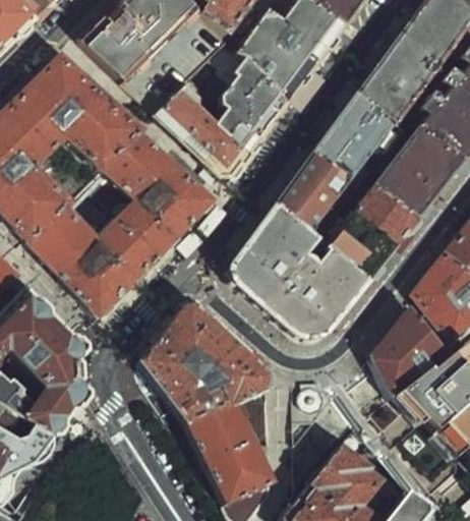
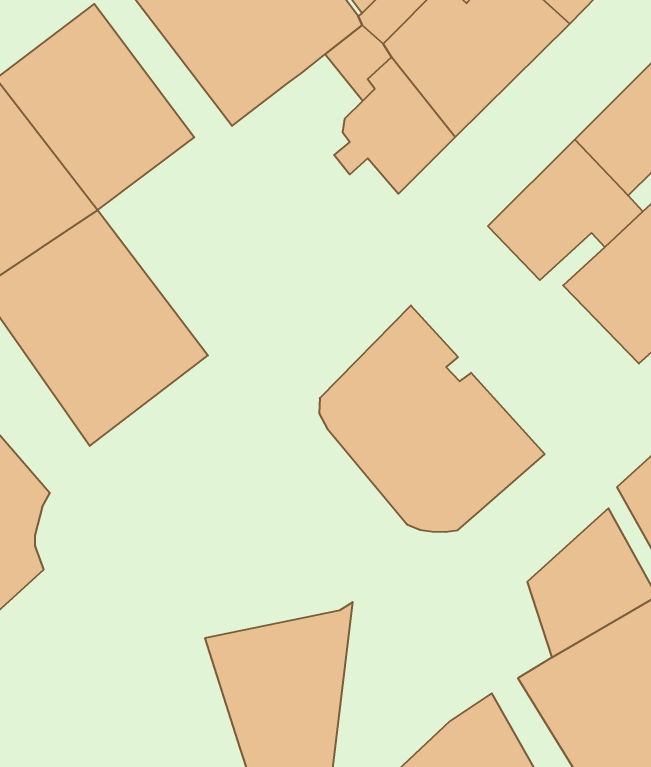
building: [155,81,259,174] -> none
building: [82,122,212,250] -> none
building: [277,149,351,229] -> none
building: [318,177,417,279] -> none
building: [141,303,269,418] -> none

